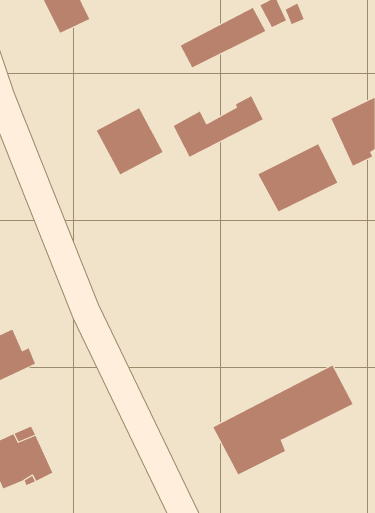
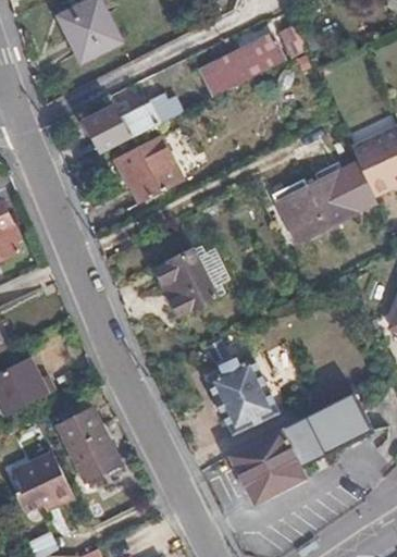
building: [173,95,264,158] -> [86,90,176,152]
building: none -> [156,249,216,317]
building: none -> [208,357,278,431]
building: none -> [57,409,117,480]

